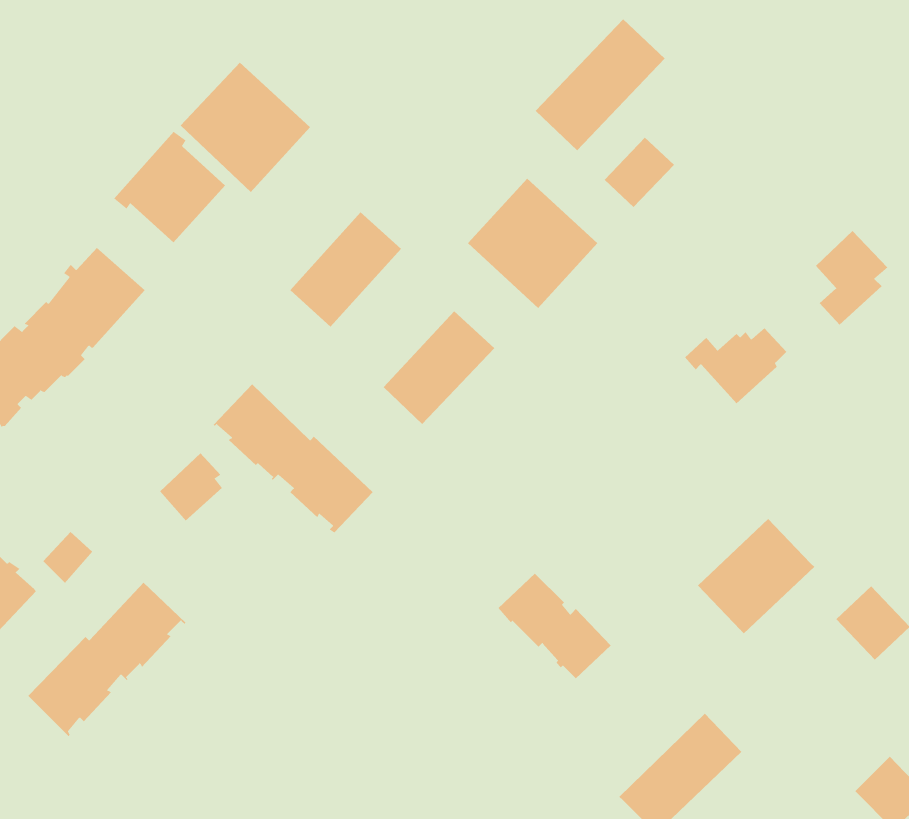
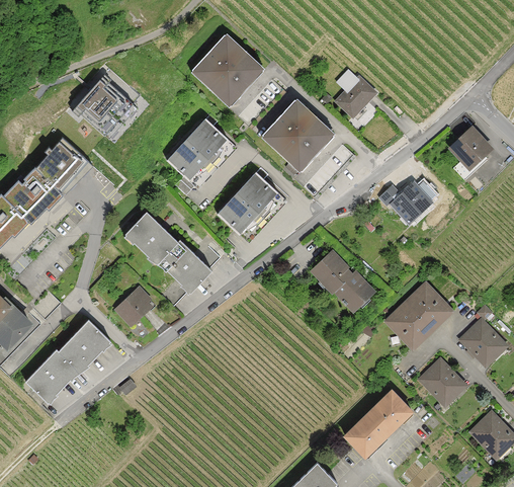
building: [535,18,666,151] -> none
building: [180,62,311,193] -> [192,35,263,106]
building: [159,452,223,522] -> [116,288,151,325]
building: [497,573,611,679] -> [312,252,373,310]
building: none -> [421,360,461,405]

